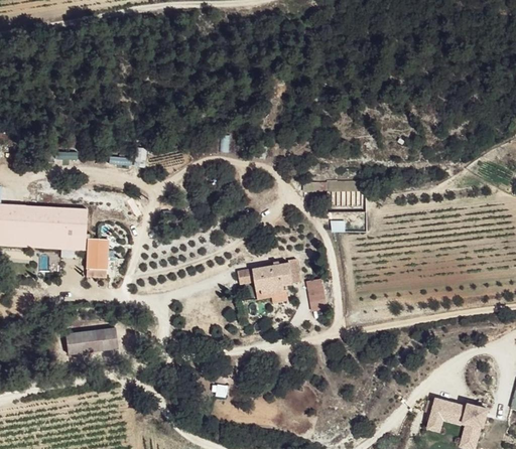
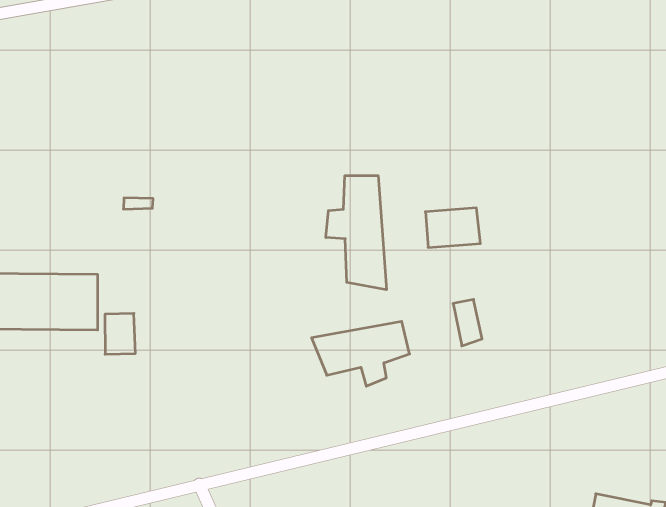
building: none -> [326,176,386,290]
building: [306,283,326,316] -> [453,299,482,346]
building: [64,330,117,355] -> none

